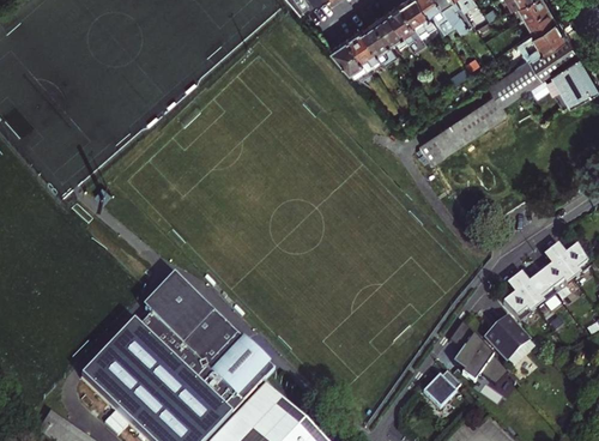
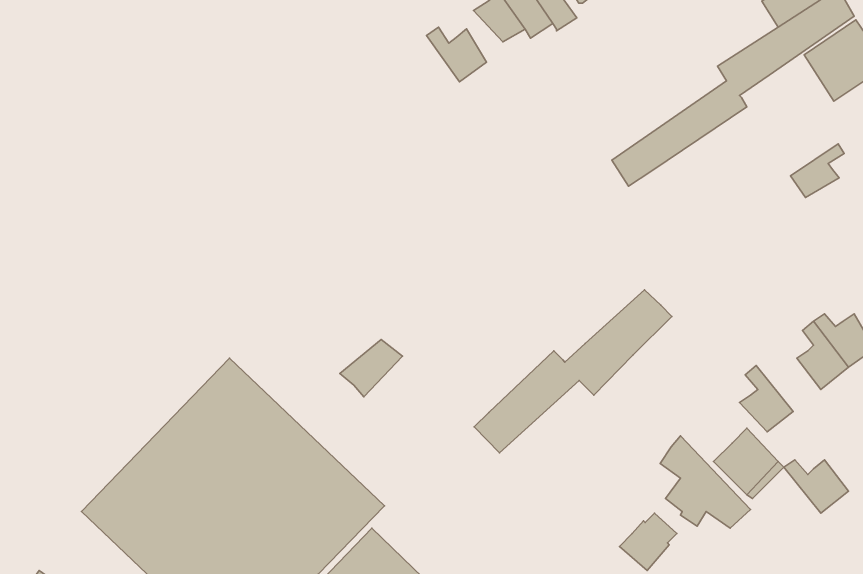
building: none -> [427,27,486,82]
building: none -> [790,144,844,197]
building: none -> [474,290,672,453]
building: none -> [340,339,402,397]
building: [514,271,556,306] -> [784,460,849,513]

